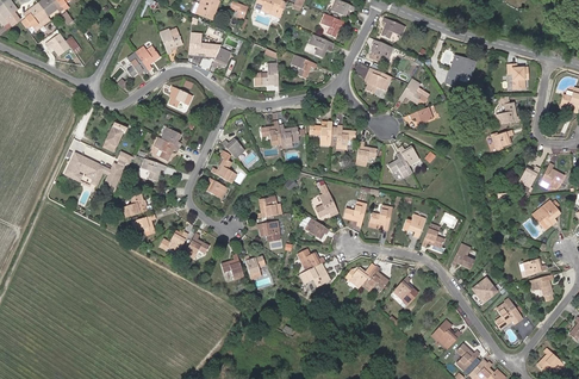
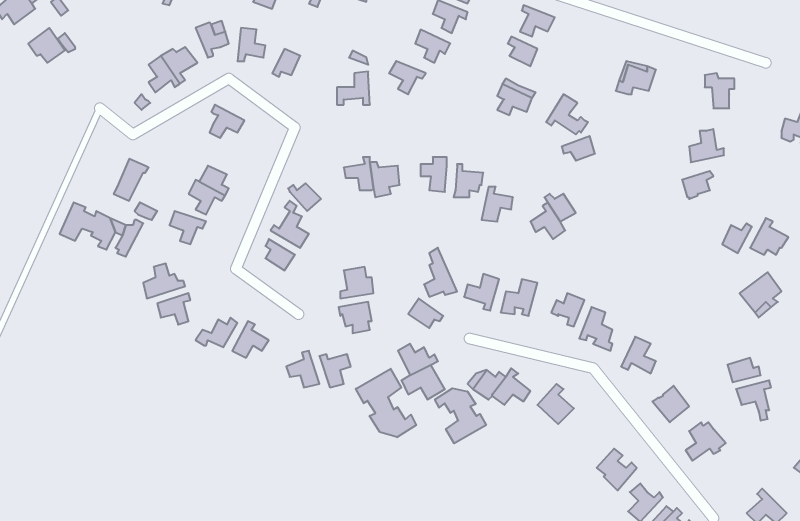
building: none -> [356,369,416,437]
building: none -> [435,388,486,443]

